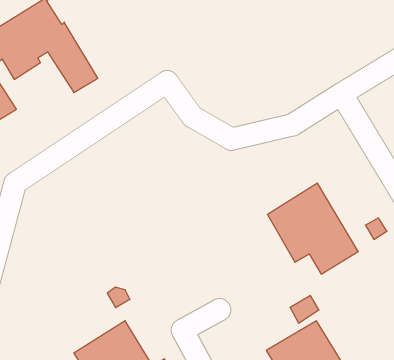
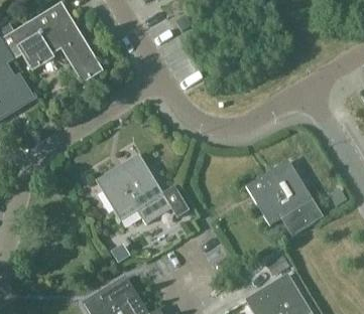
building: none -> [96,153,190,222]

